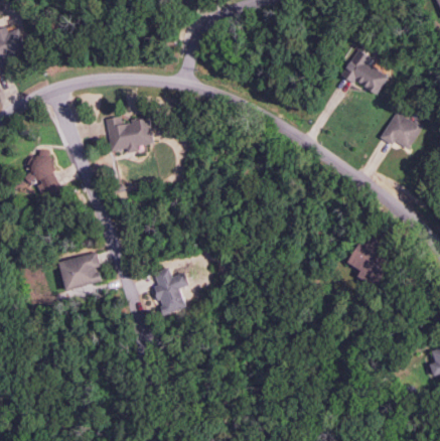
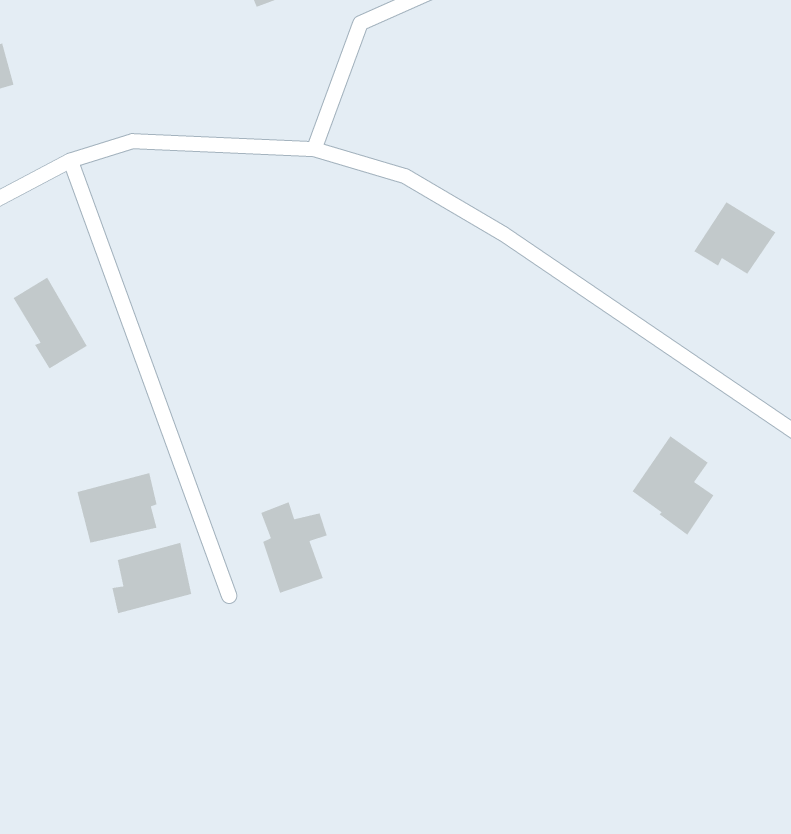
building: [342,49,389,95] -> none
building: [106,116,154,152] -> none
building: none -> [112,542,192,614]

